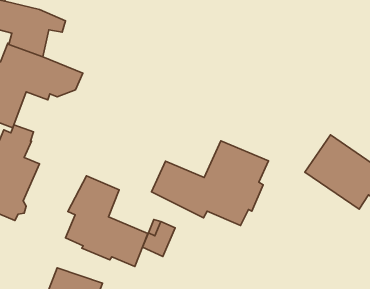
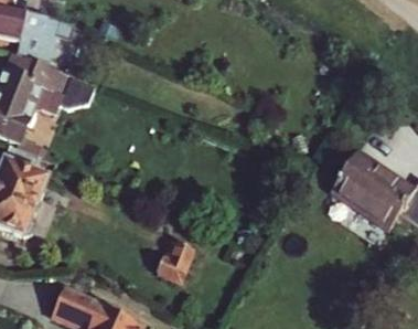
building: [152,141,268,226] -> none
building: [66,176,148,267] -> none

